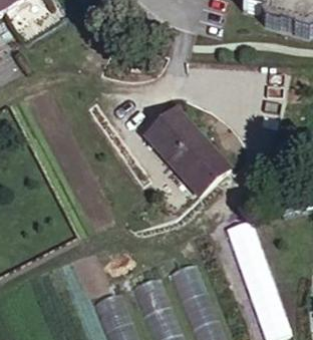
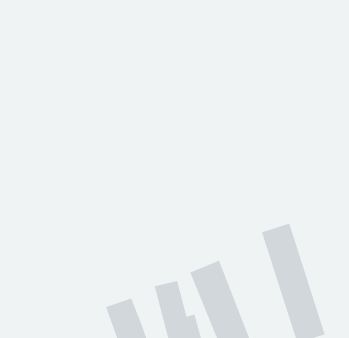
building: [147,104,229,181] -> none

